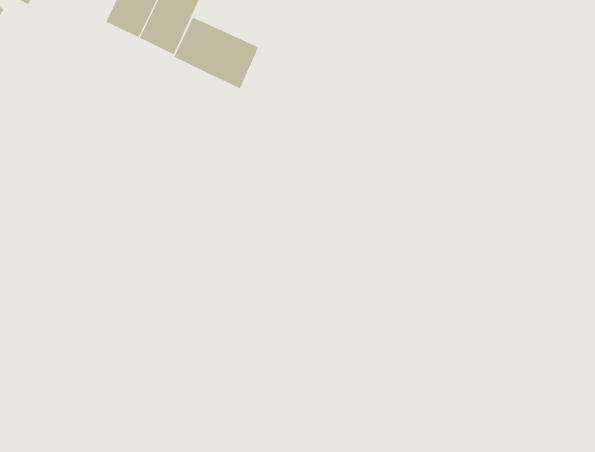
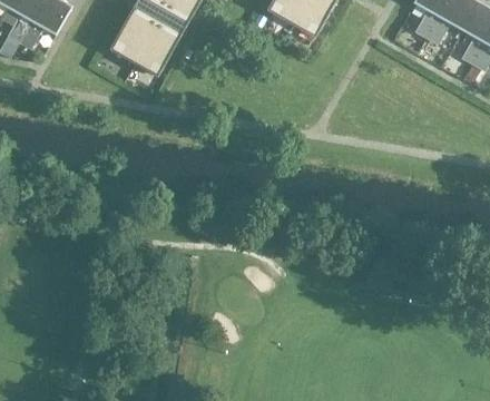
building: [173,17,259,89] -> none

